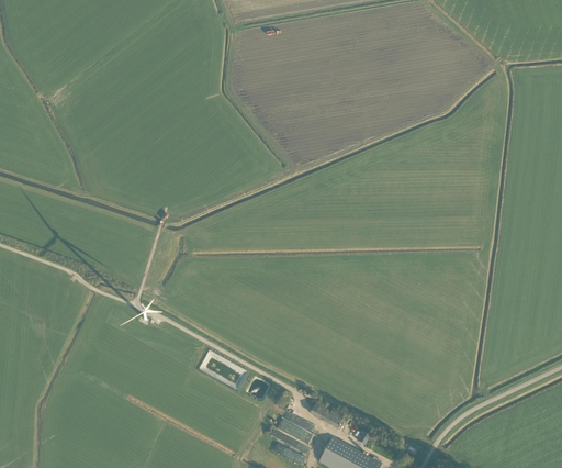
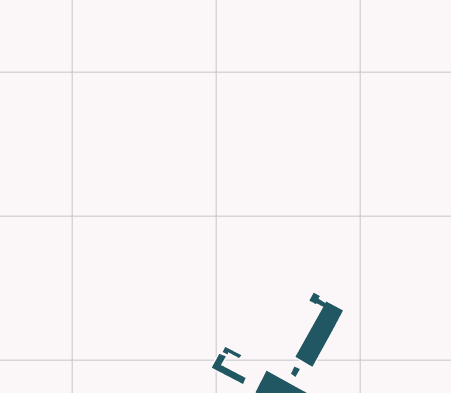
building: none -> [294,292,344,368]

